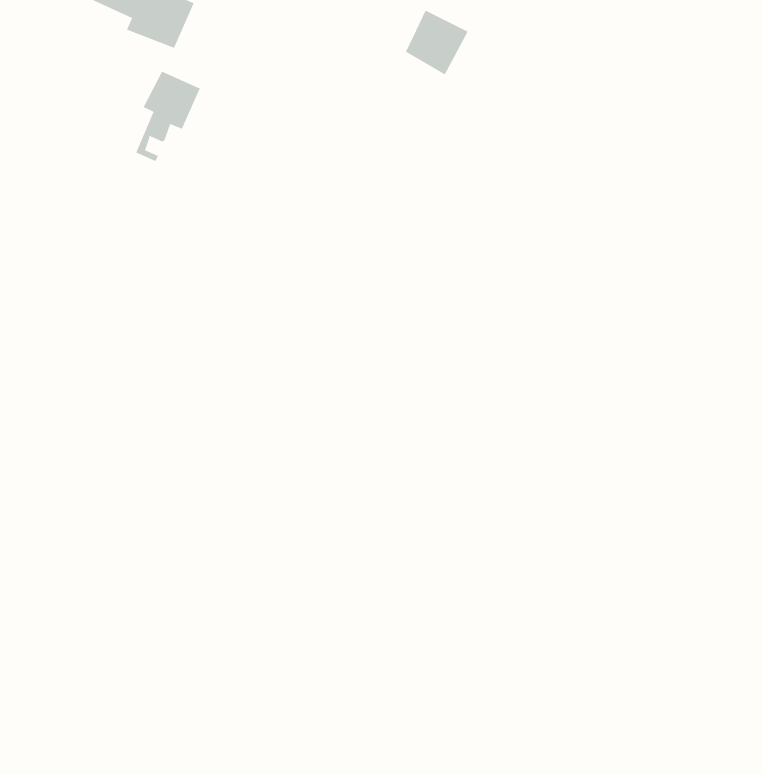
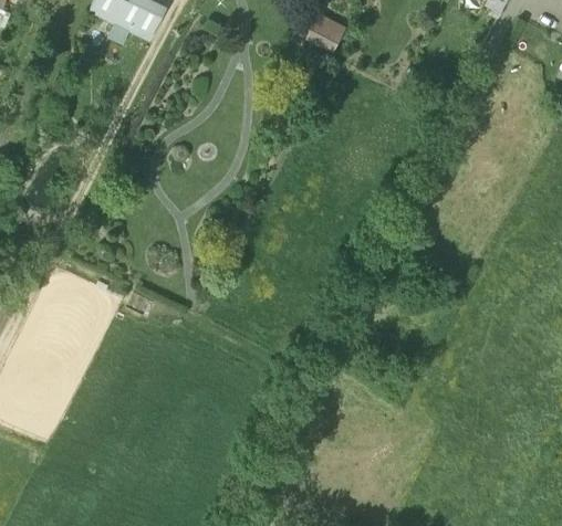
building: [136,71,200,162] -> none

